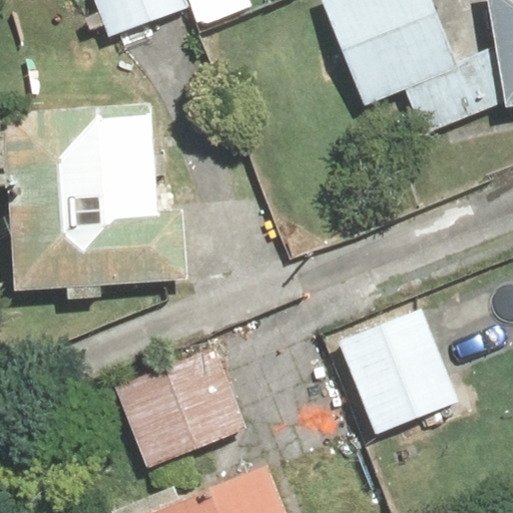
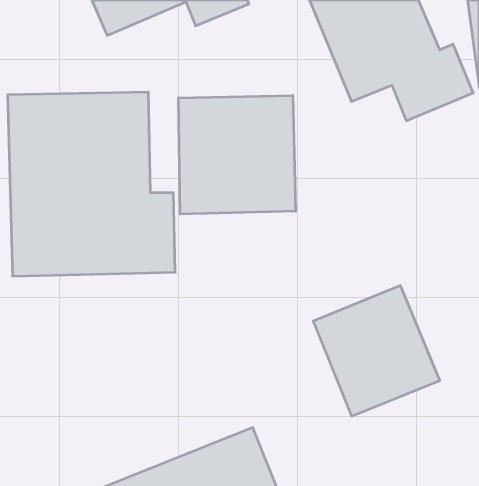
building: none -> [178,95,296,214]
building: [112,338,248,465] -> none

